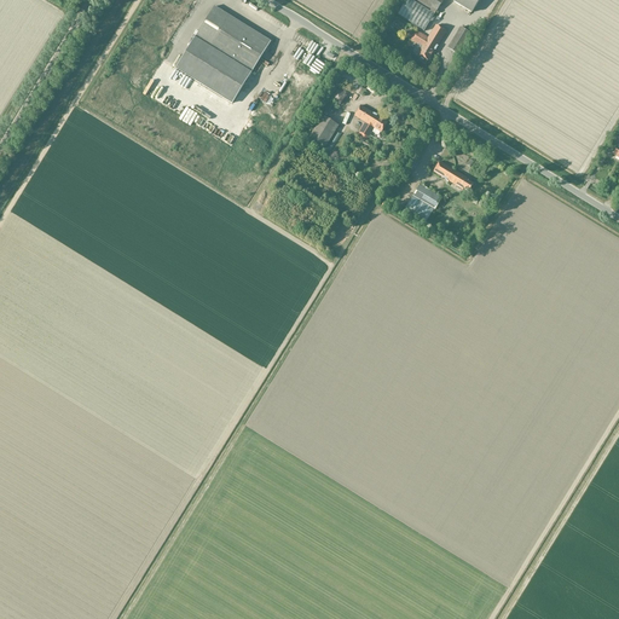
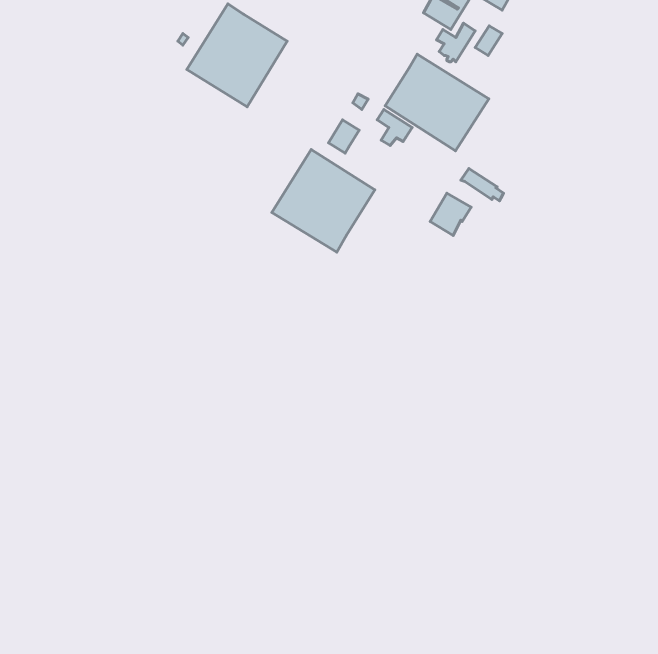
building: none -> [385,54,489,151]
building: none -> [272,149,375,252]

